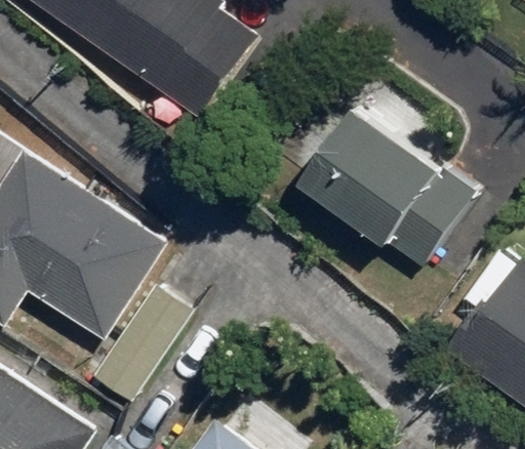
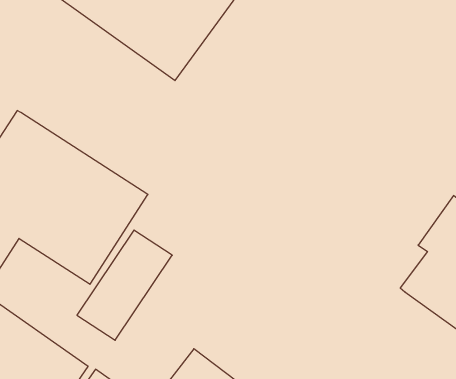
building: [298,106,478,273] -> none

